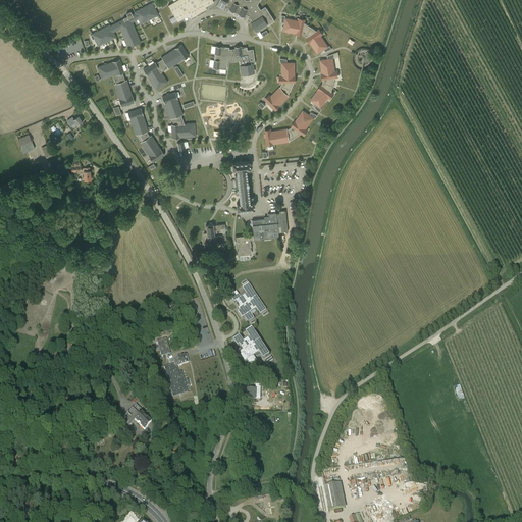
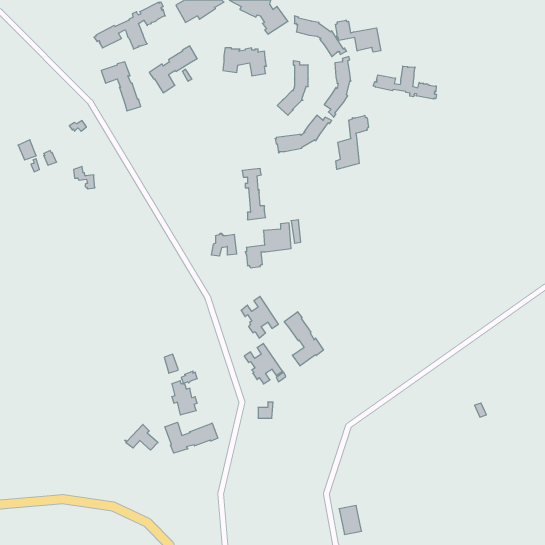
building: none -> [335,20,381,52]
building: none -> [373,66,436,99]
building: [162,92,196,139] -> none
building: [127,108,164,162] -> none
building: none -> [336,115,368,169]
building: none -> [284,312,323,366]
building: none -> [165,422,218,453]

